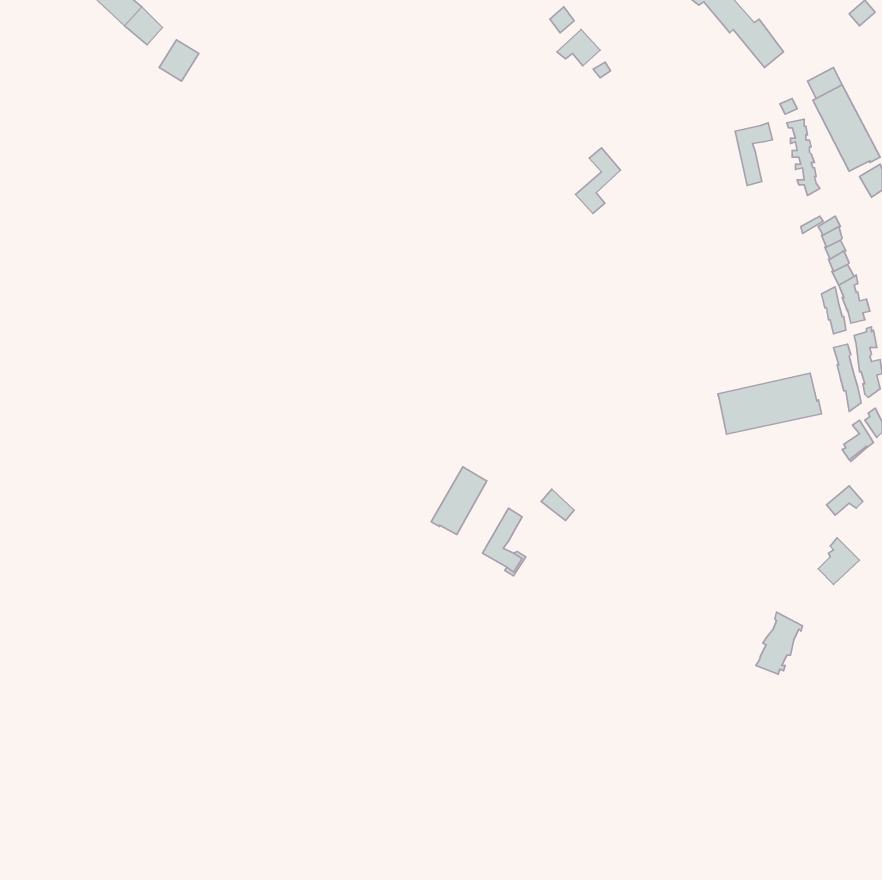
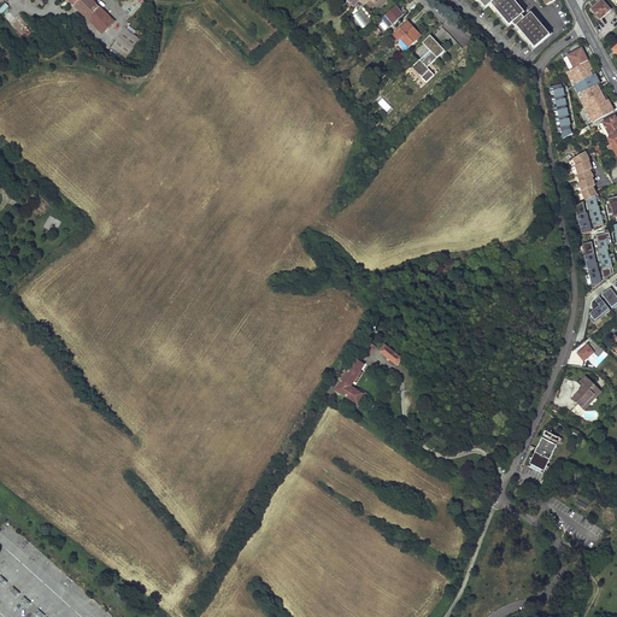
building: [735,123,773,186] -> none
building: [575,148,620,213] -> [412,33,443,78]
building: [718,373,822,434] -> none
building: [431,467,487,534] -> none

